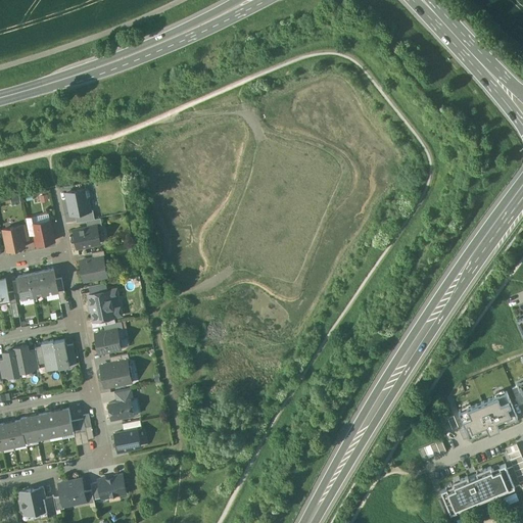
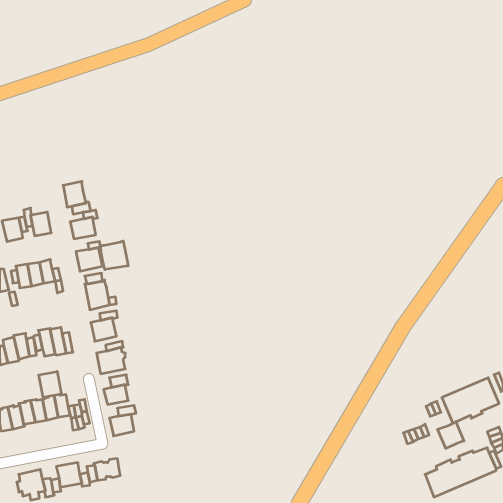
building: none -> [100,241,128,270]
building: none -> [39,371,62,398]
building: none -> [438,422,464,448]

